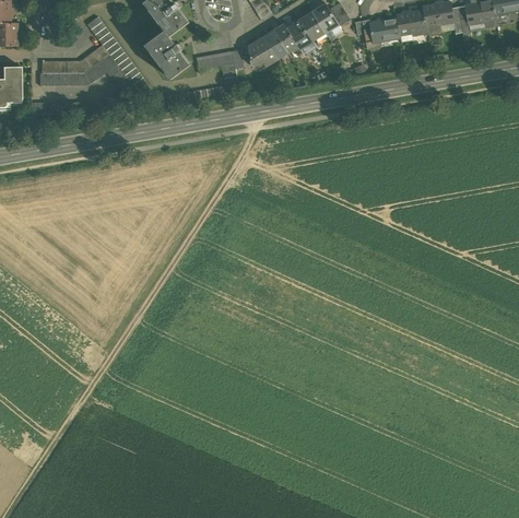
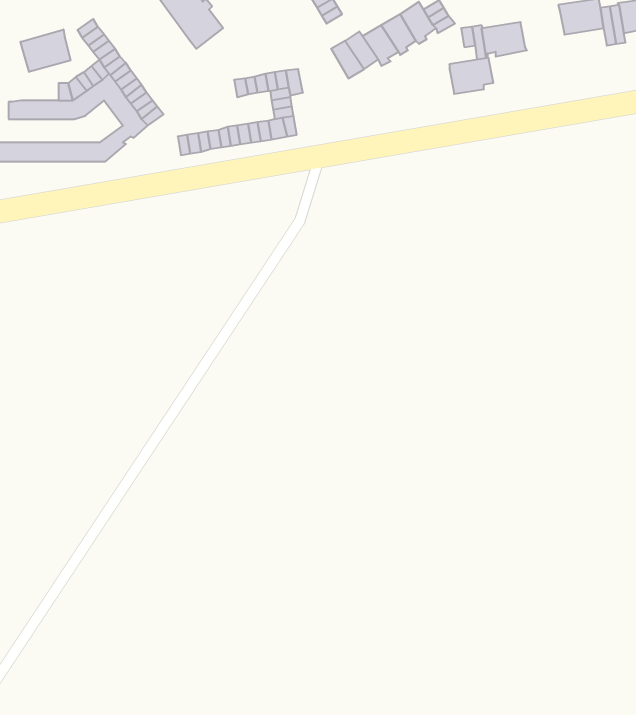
building: [396,10,426,35] -> [449,58,493,94]
building: none -> [20,29,70,72]
building: [145,31,190,79] -> none
building: [247,36,276,66] -> none

